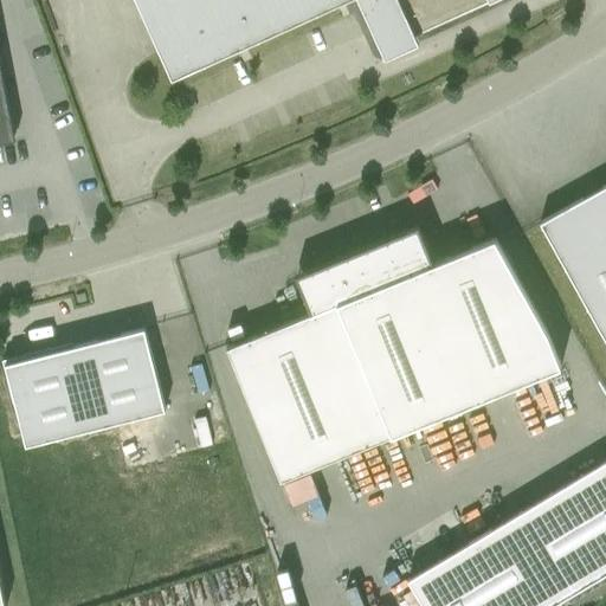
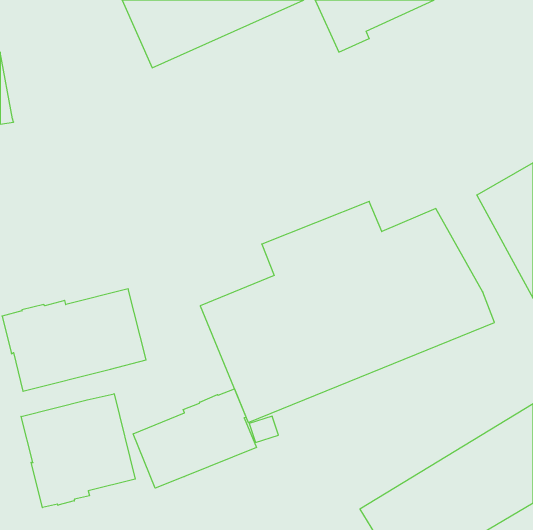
building: none -> [133,389,256,488]
building: none -> [21,394,135,508]

